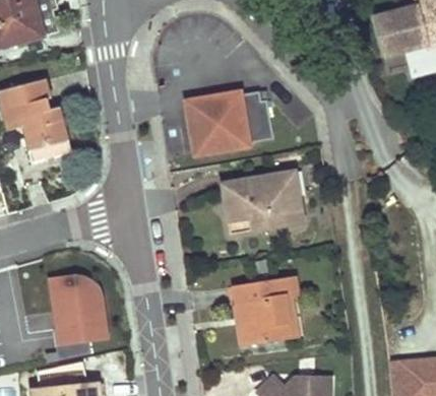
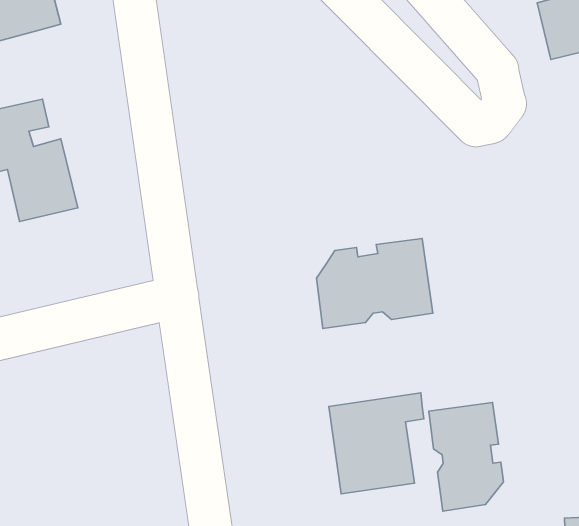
building: [193,92,271,150] -> none
building: [50,274,103,356] -> none
building: none -> [429,402,503,511]

